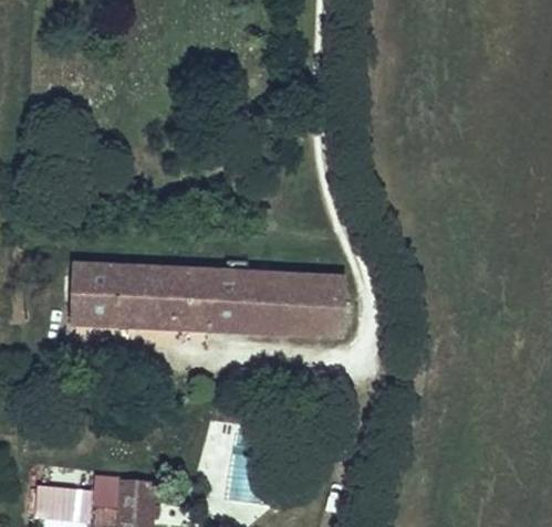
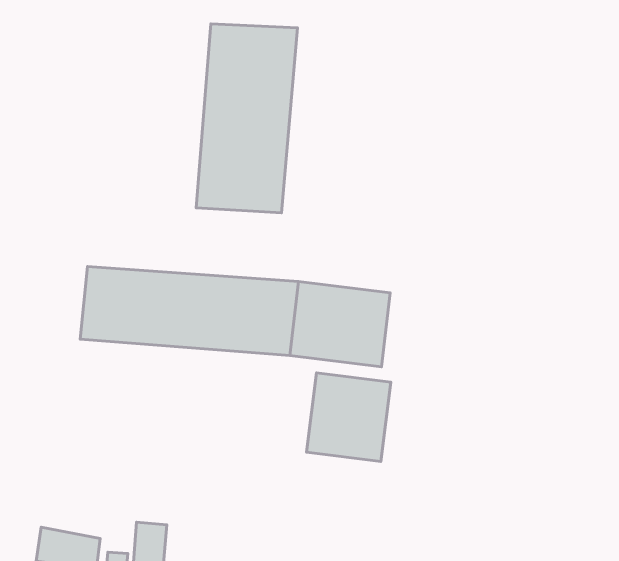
building: none -> [196,24,297,213]
building: none -> [306,373,391,461]

